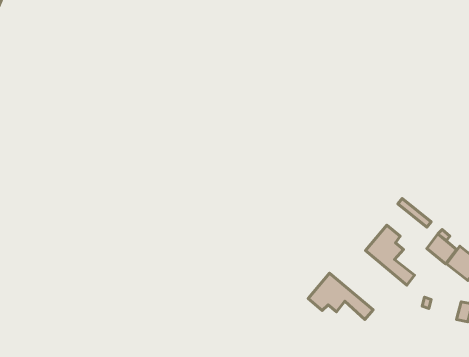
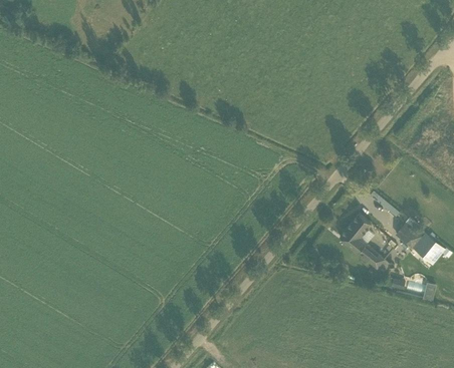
building: [308,273,373,319] -> none

